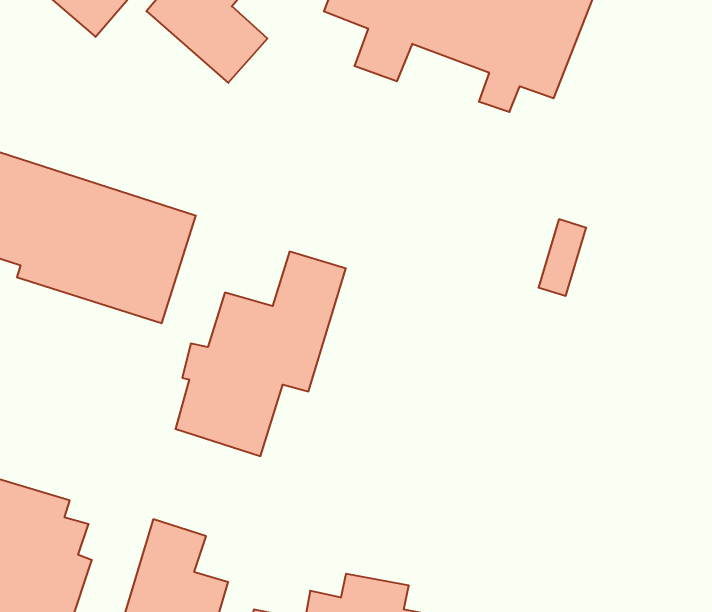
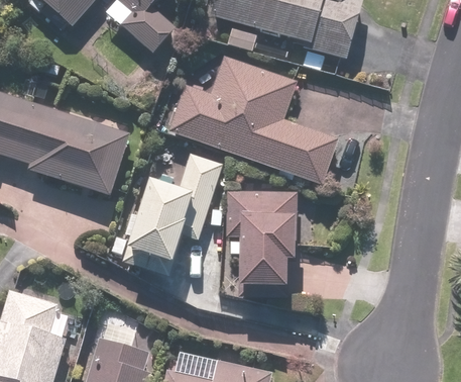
building: none -> [165,54,337,181]
building: none -> [224,182,298,296]

